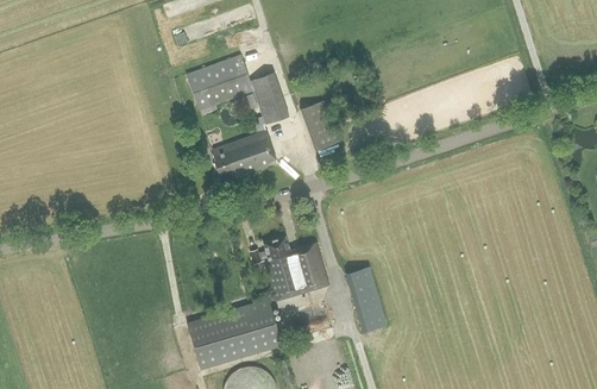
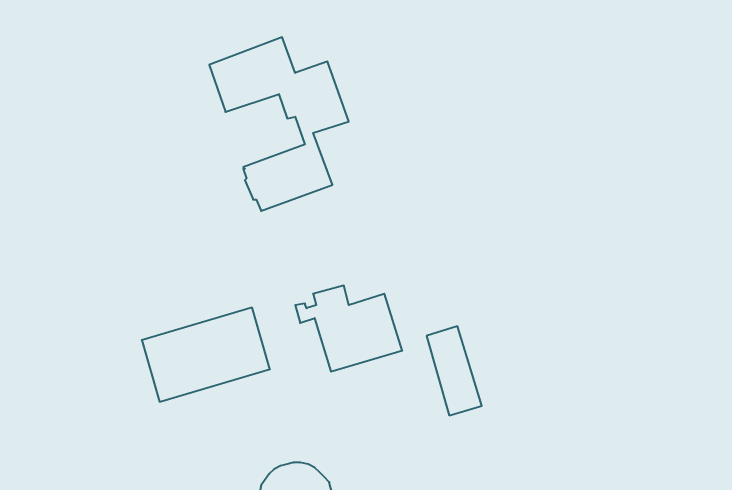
building: [301,100,340,150] -> none
building: [187,300,281,369] -> [142,308,270,402]

